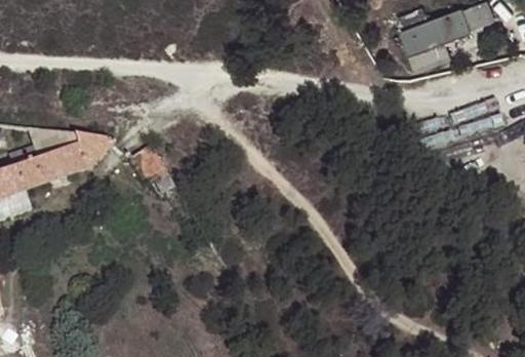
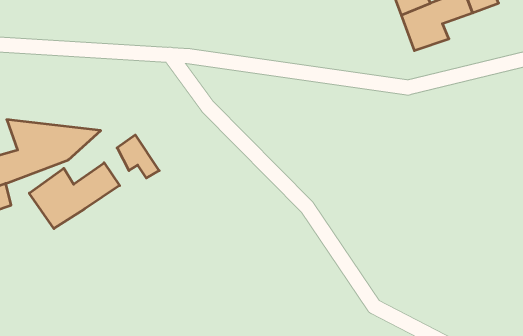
building: none -> [29,163,120,229]

